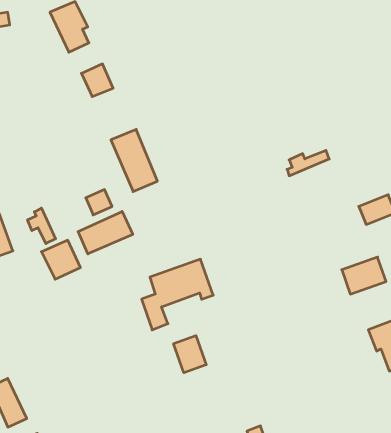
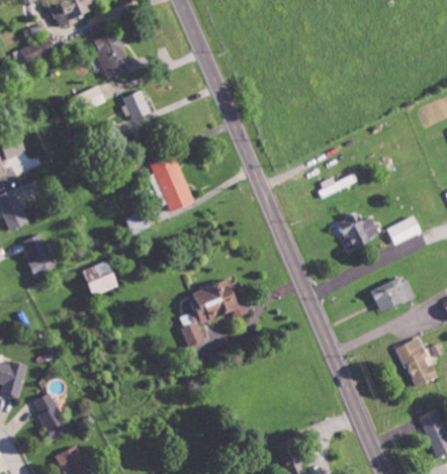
building: none -> [340,215,378,248]
building: [28,208,56,244] -> none
building: [78,211,133,254] -> none
building: [174,336,206,373] -> none

